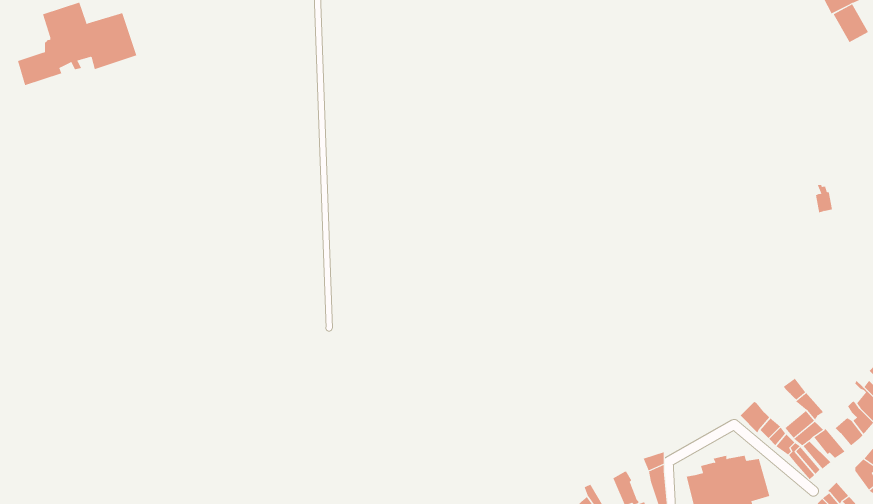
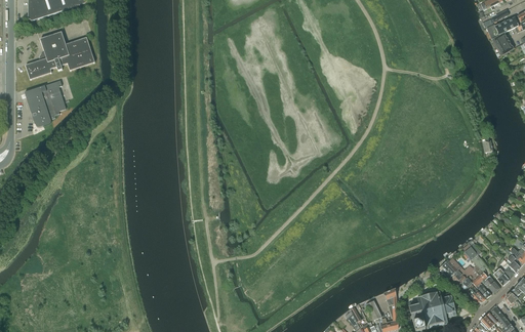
building: none -> [25,80,66,126]

